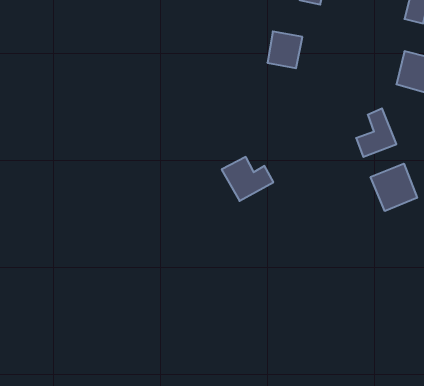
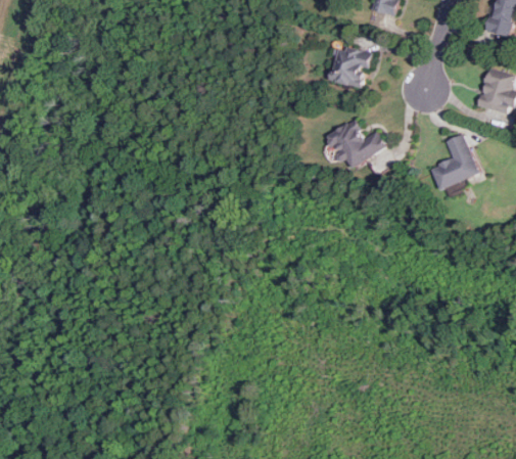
building: [222,157,273,201] -> [326,120,385,170]
building: [371,164,417,211] -> none

